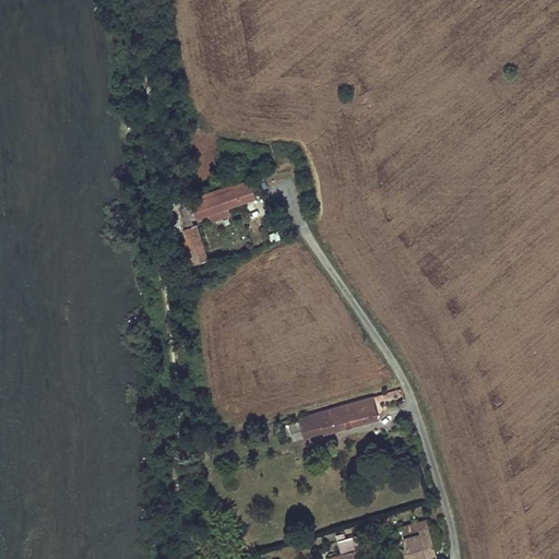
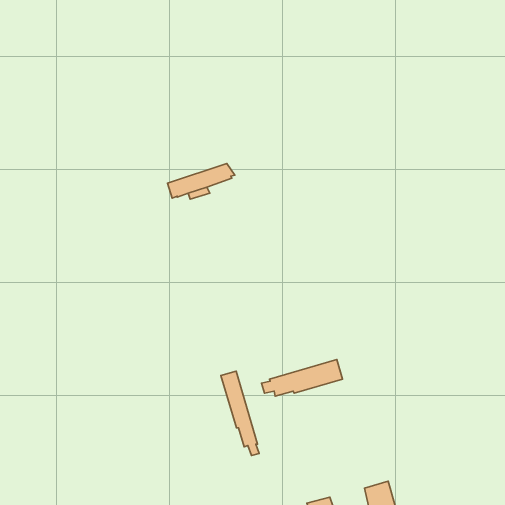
building: [182,224,206,264] -> none
building: none -> [221,371,259,456]

